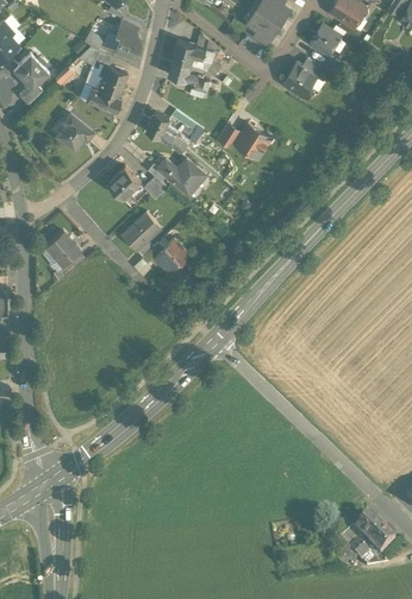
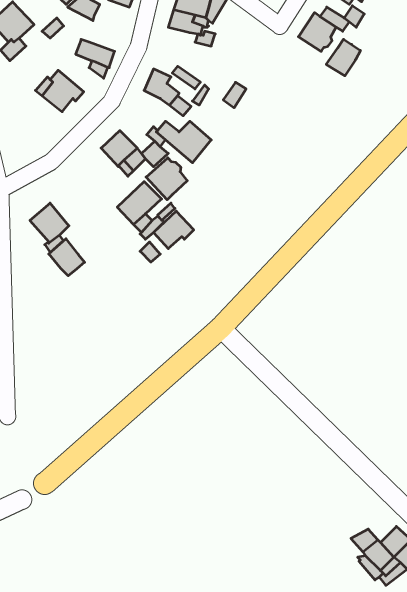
building: [98,64,126,96] -> none
building: none -> [326,39,360,76]
building: [235,122,267,158] -> none
building: none -> [146,158,187,200]
building: none -> [49,239,85,276]

